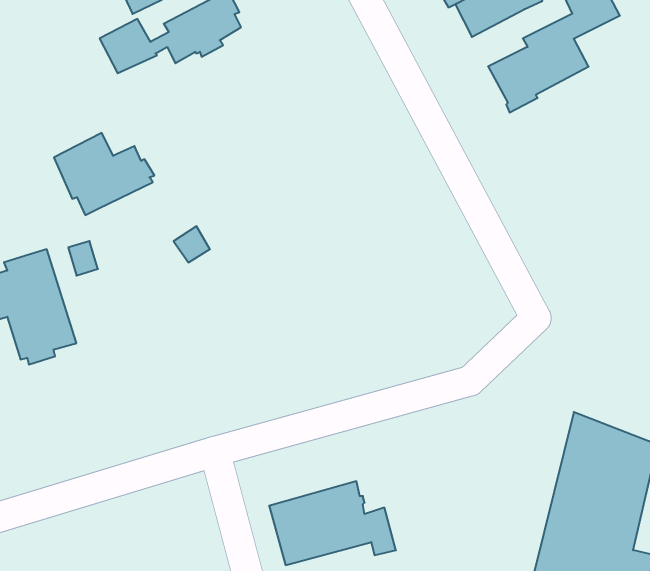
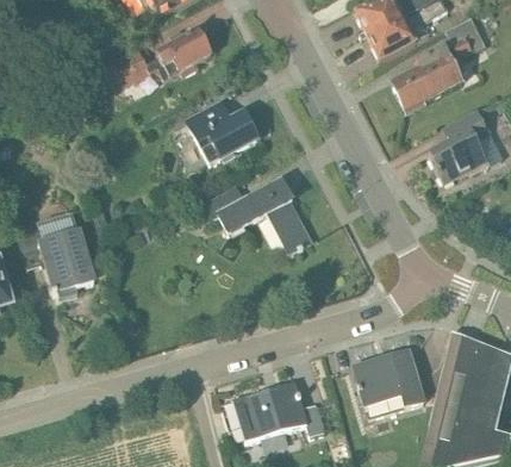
building: none -> [429,108,503,181]
building: [54,133,154,215] -> [187,101,260,161]
building: none -> [199,179,311,250]
building: none -> [354,348,424,415]

